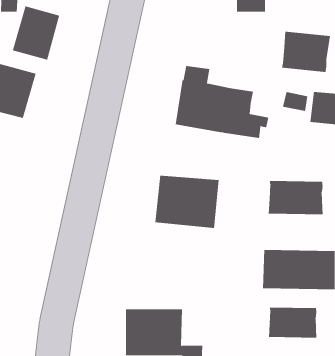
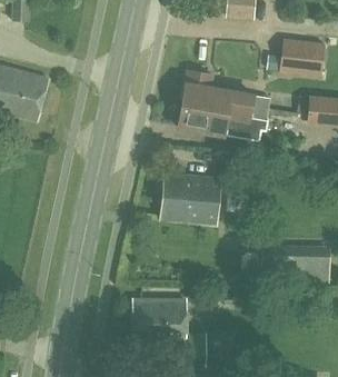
building: [12,6,60,61] -> none
building: [268,180,323,215] -> none
building: [268,307,317,338] -> none

